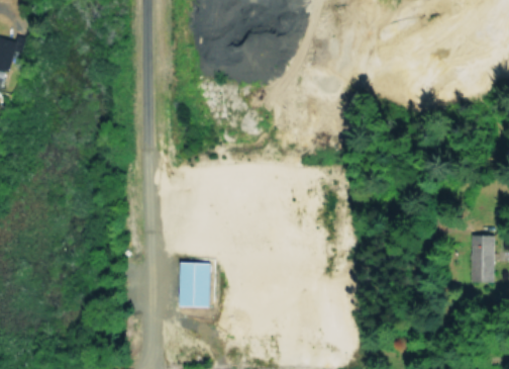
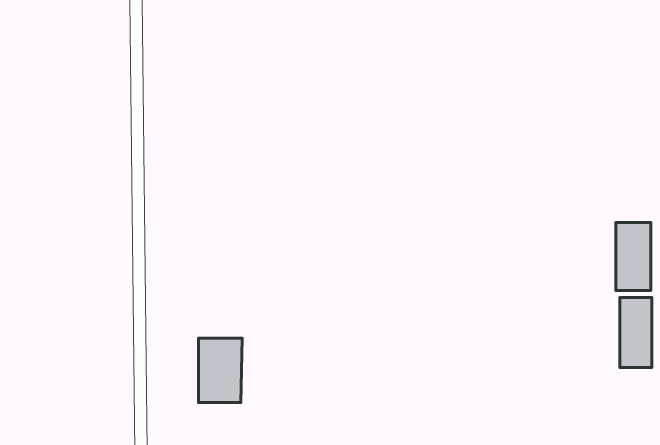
building: none -> [616,222,651,290]

